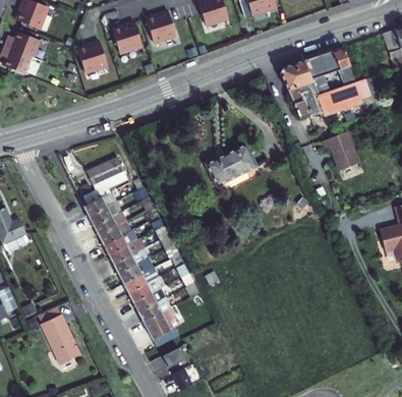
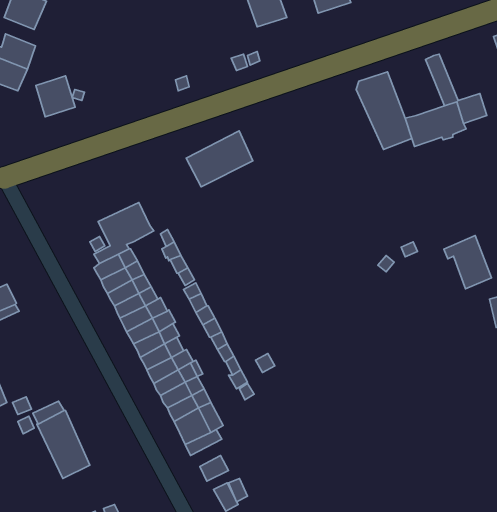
building: [146,12,176,44] -> none
building: [112,23,141,54] -> none
building: [77,43,107,73] -> [36,76,75,117]
building: [303,51,339,95] -> none
building: [323,131,358,171] -> [444,236,491,289]
building: [206,144,255,185] -> [186,131,253,187]

